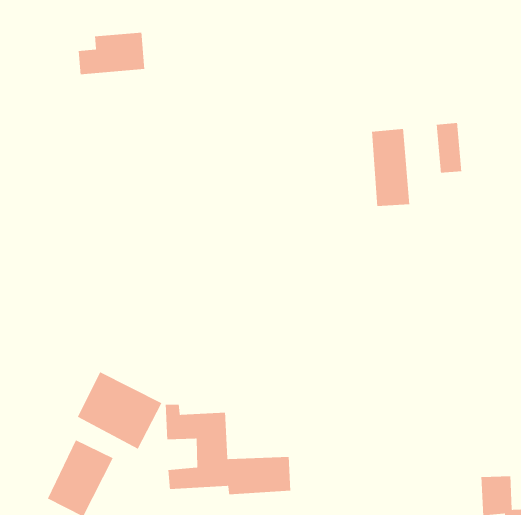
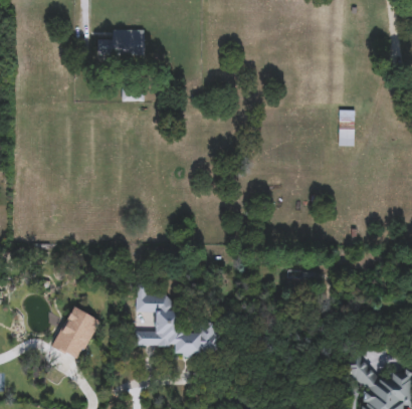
building: [371,128,410,207] -> none
building: [77,371,163,450] -> none

